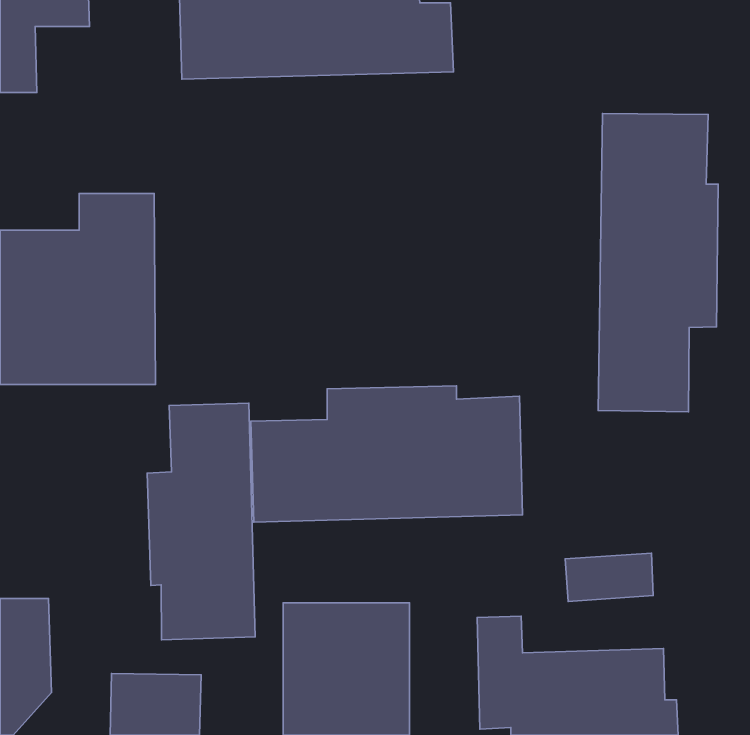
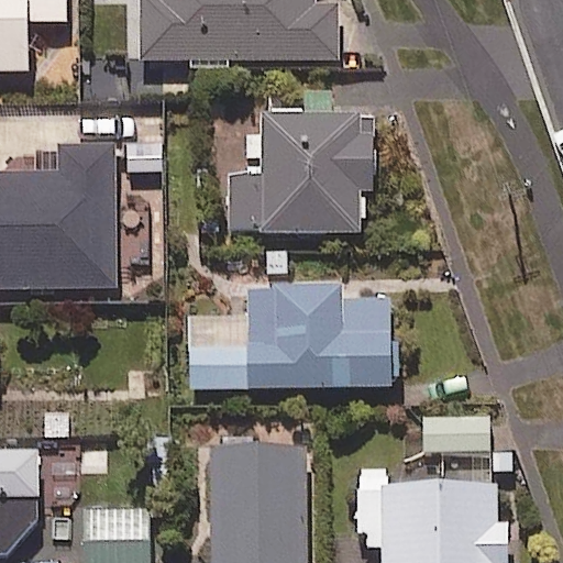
building: [598,113,718,412] -> none
building: none -> [228,91,374,233]
building: [147,403,255,640] -> none

